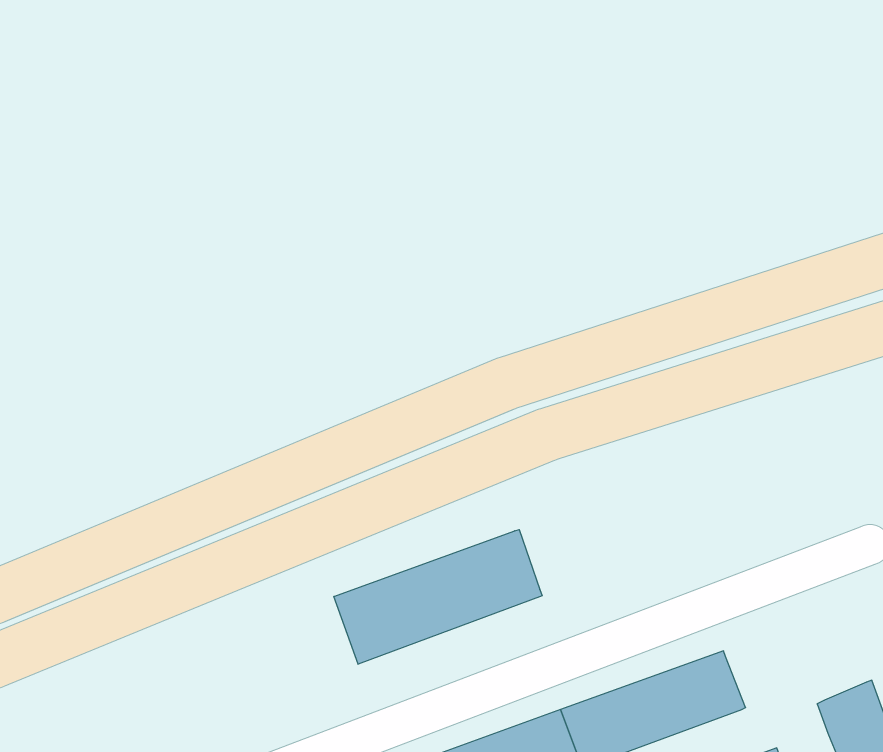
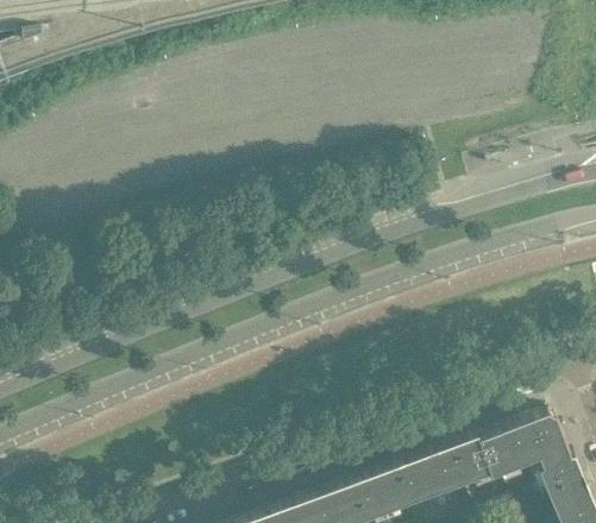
building: [334,530,542,664] -> none
building: none -> [477,417,569,481]

